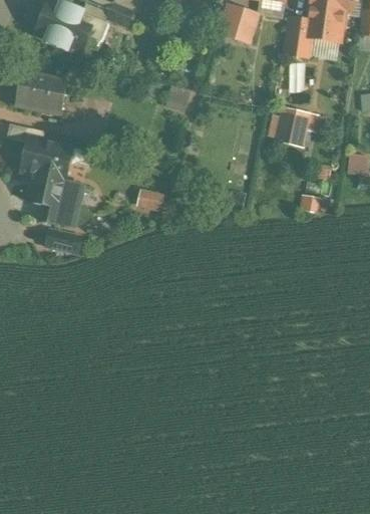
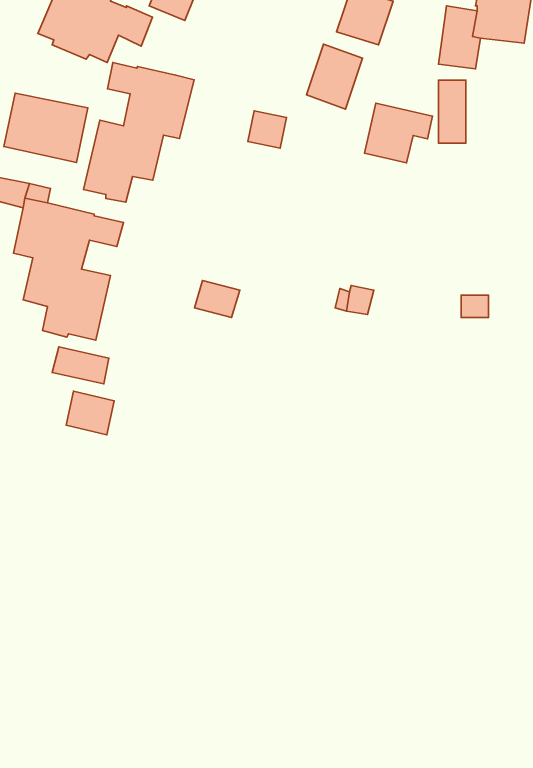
building: none -> [307,44,362,109]
building: none -> [83,62,194,202]
building: [277,109,319,147] -> [365,103,432,163]
building: none -> [66,391,114,435]

